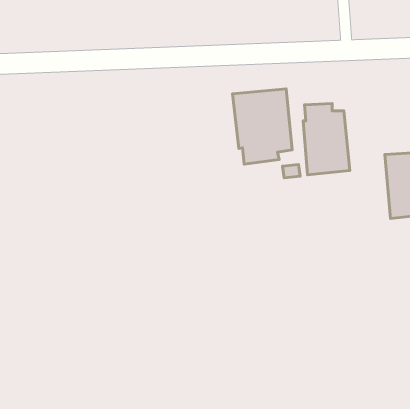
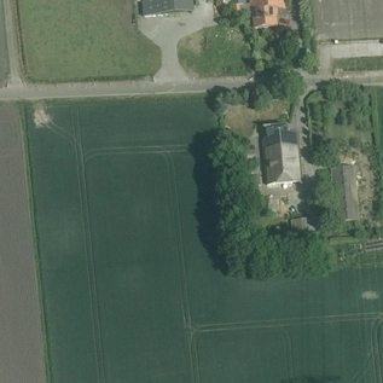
building: [232,89,292,164] -> none

